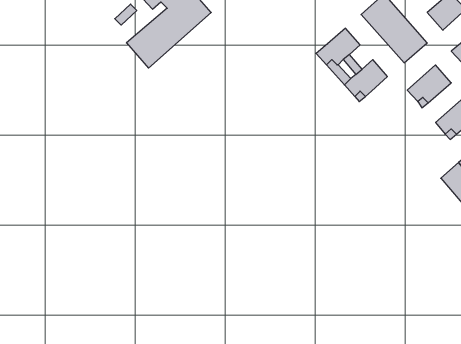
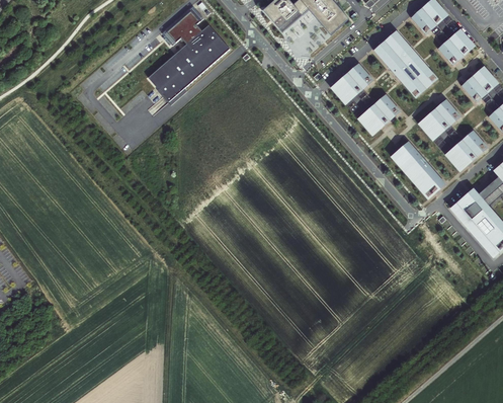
building: none -> [391,141,444,197]

